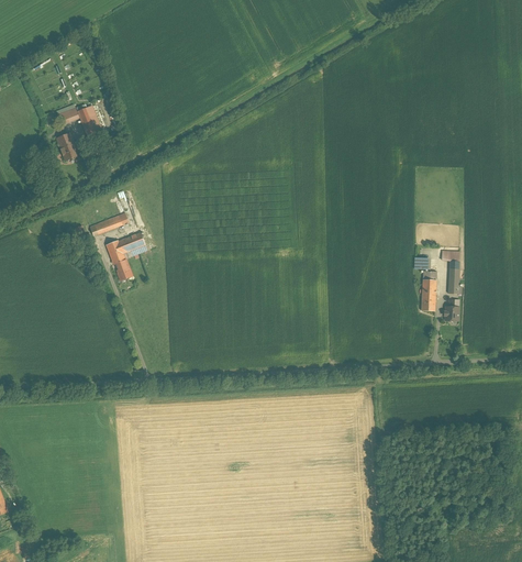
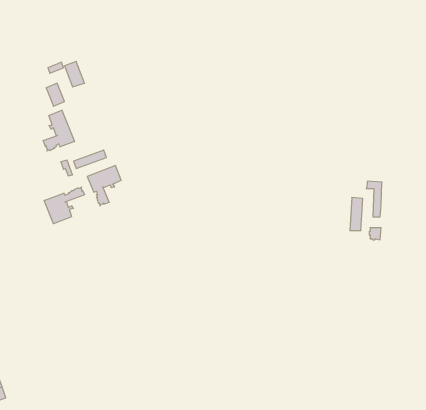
building: none -> [43,110,74,151]
building: none -> [44,187,85,224]

